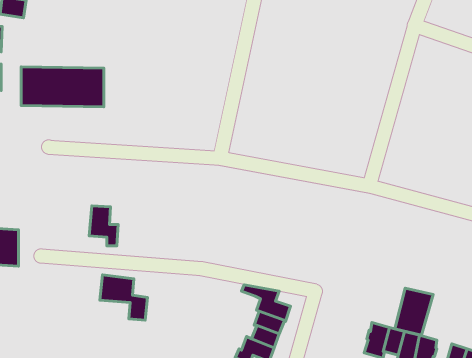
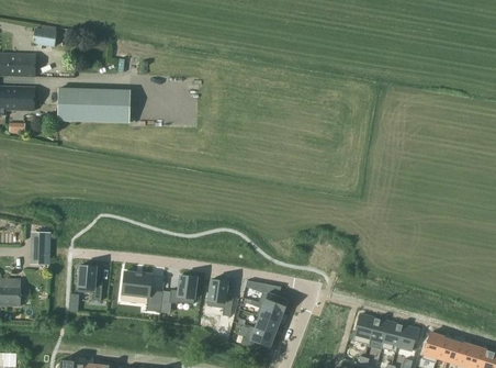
building: [89,206,118,246] -> [77,265,102,300]
building: none -> [160,275,196,312]
building: none -> [206,279,233,315]
building: [395,288,433,335] -> none

